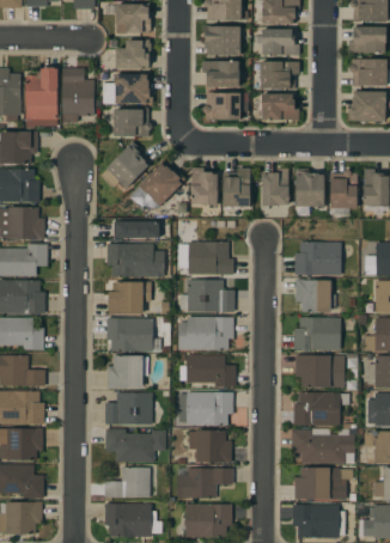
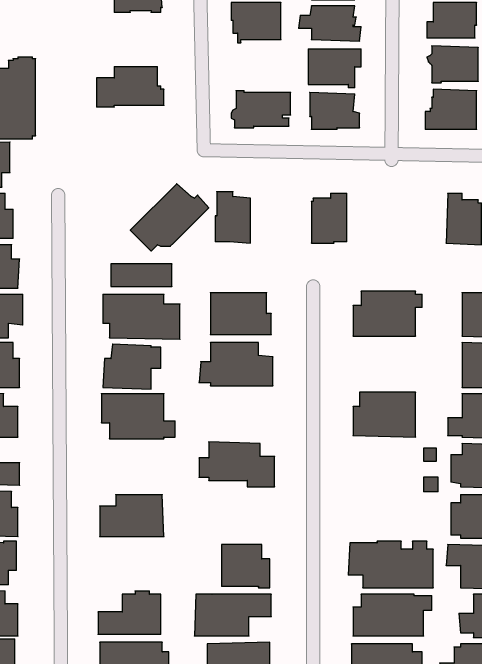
building: [115,39,150,69] -> none
building: [201,61,238,87] -> none
building: [61,68,93,122] -> none
building: [114,109,152,136] -> none
building: [105,141,148,189] -> none
building: [223,167,250,209] -> none
building: [294,169,324,207] -> none
building: [329,170,357,208] -> none
building: [294,279,335,312] -> none
building: [177,317,233,350] -> none
building: [106,355,148,389] -> none
building: [294,355,343,388] -> none
building: [185,392,232,426] -> none
building: [292,392,348,426] -> none
building: [104,428,165,462] -> none

